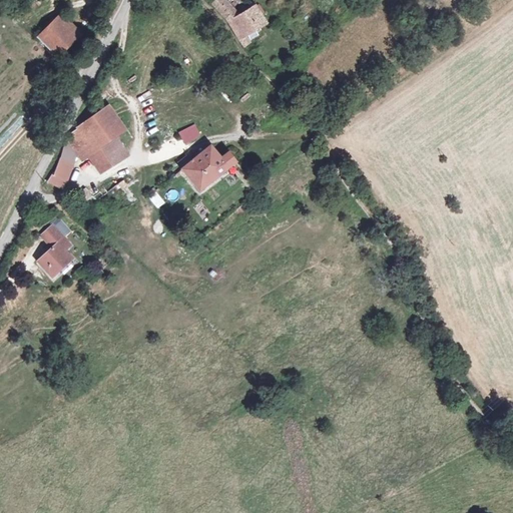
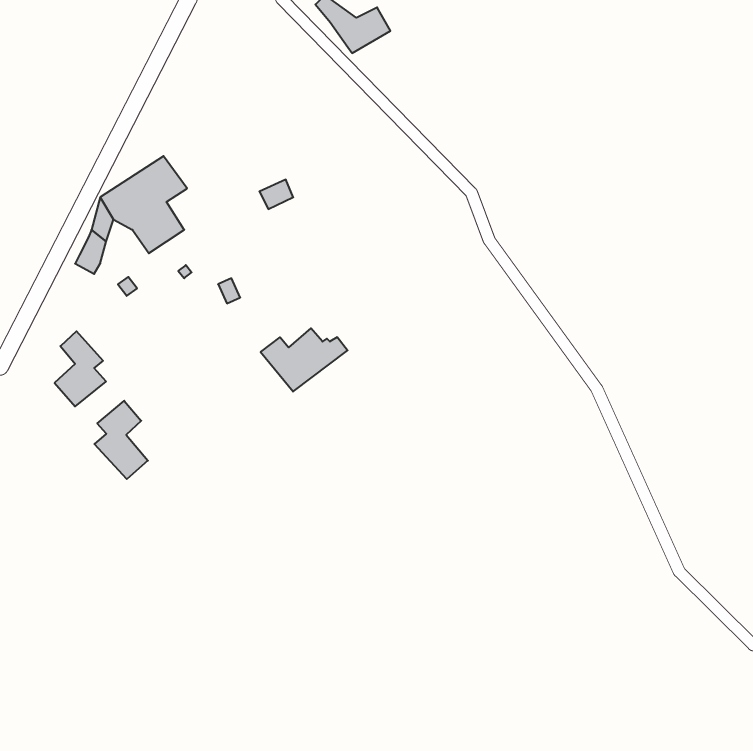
building: [38,17,77,56] -> none
building: [178,145,237,188] -> [261,328,348,392]
building: none -> [94,401,148,479]

